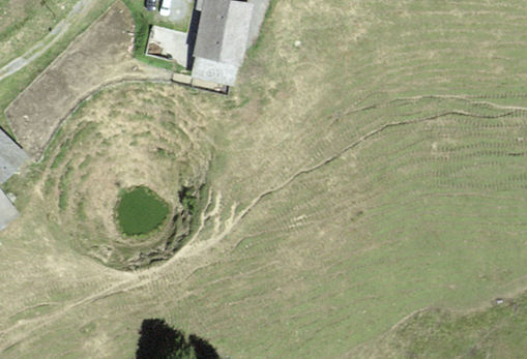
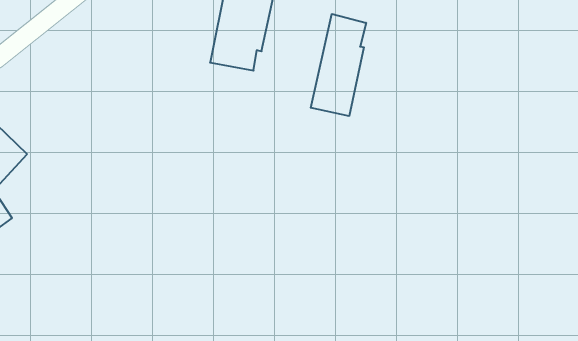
building: none -> [311,14,366,116]

